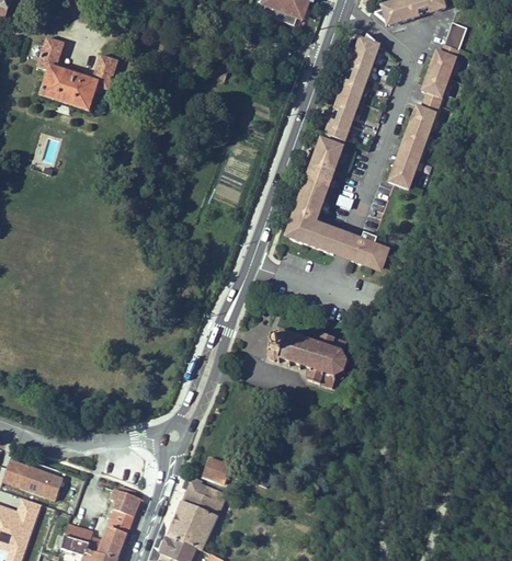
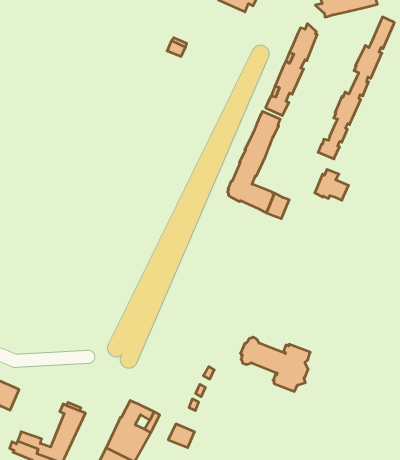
building: [36,36,117,112] -> none
building: [351,232,389,266] -> [315,170,349,200]
building: [266,328,346,387] -> [240,337,310,391]
building: [202,457,231,483] -> [168,424,195,448]

